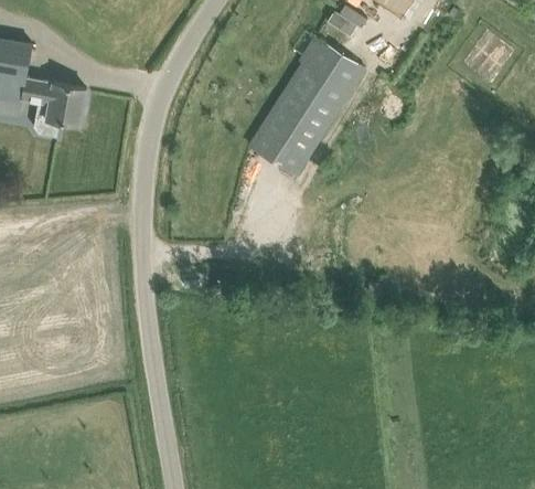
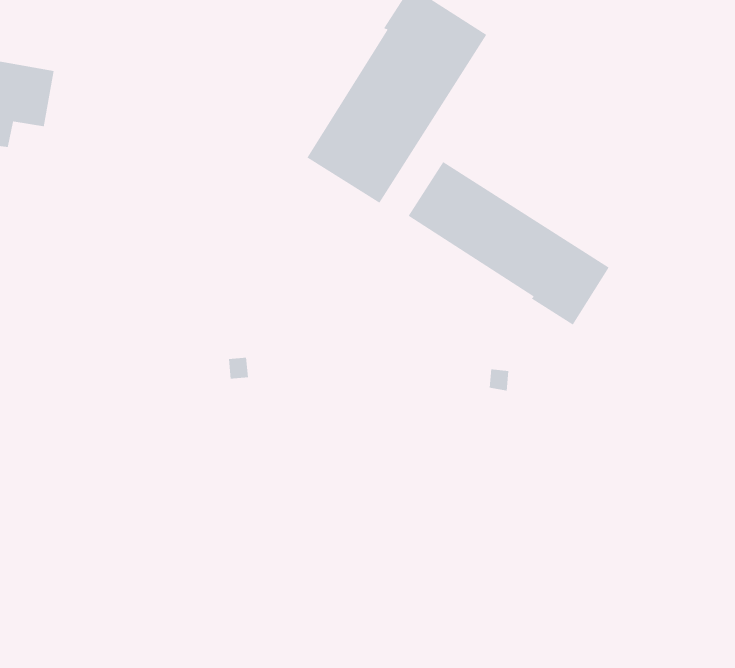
building: none -> [408,161,610,326]

